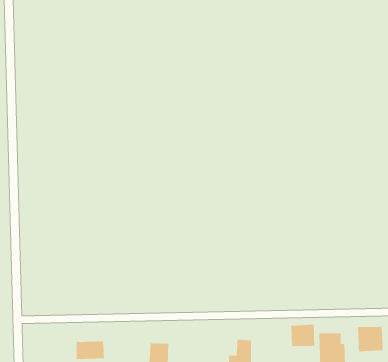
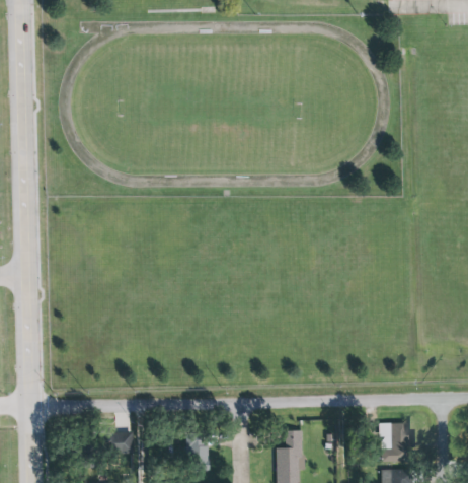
building: [291,324,315,347] -> none
building: [358,326,383,352] -> none

